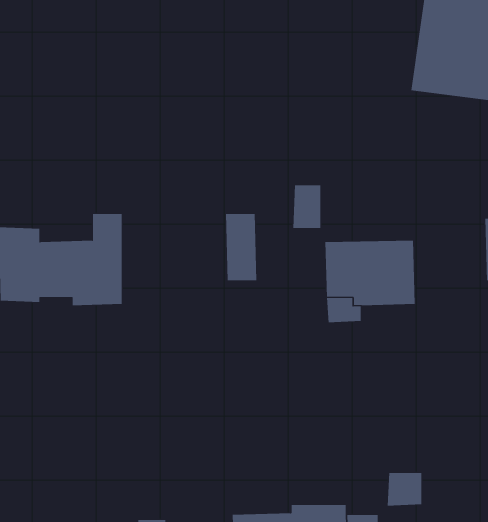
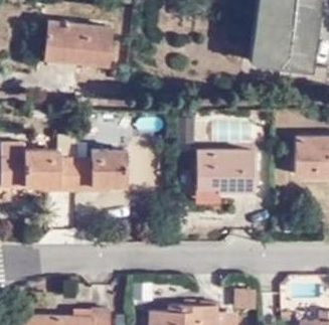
building: none -> [53,19,115,65]
building: none -> [77,152,130,190]

